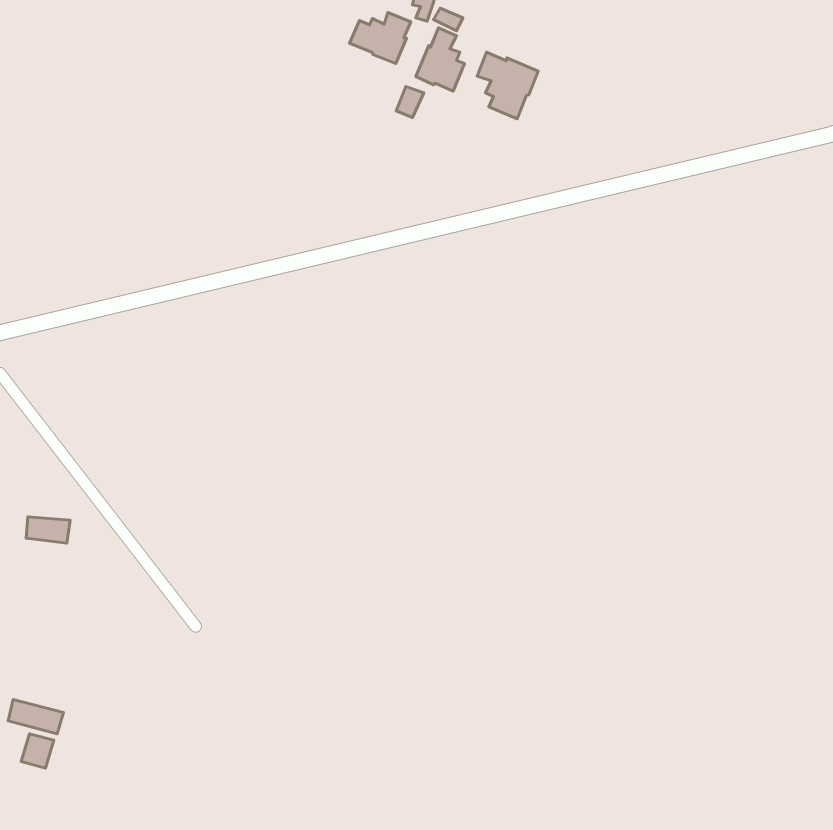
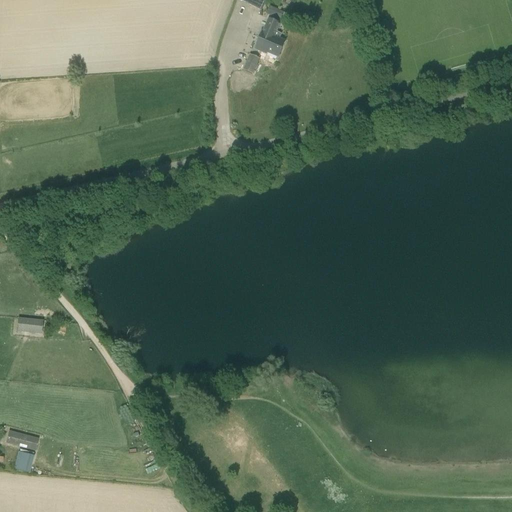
building: [350,13,411,64] -> none
building: [477,52,538,119] -> none

